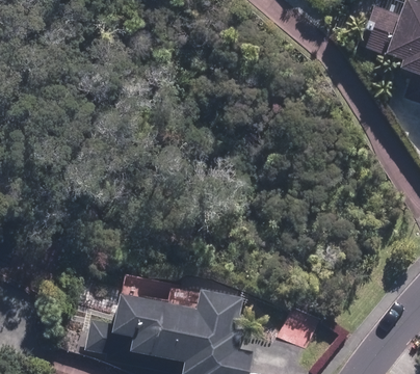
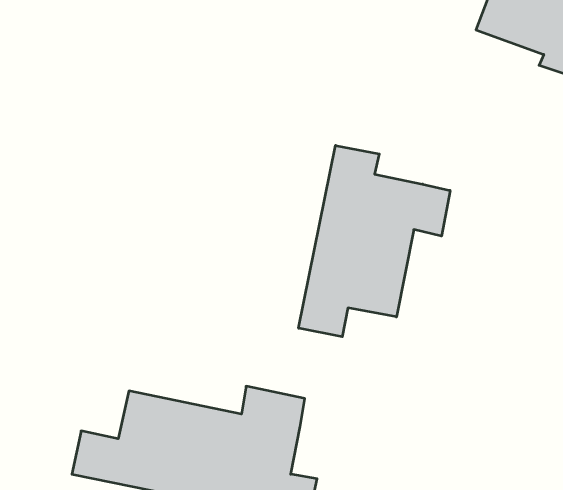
building: none -> [299,145,450,337]

